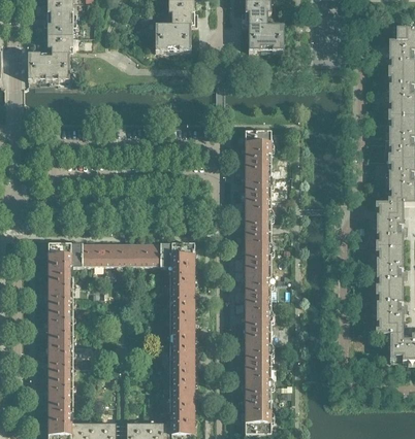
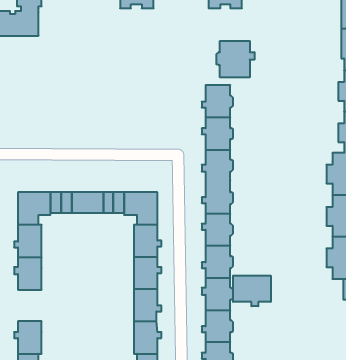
building: none -> [216,41,254,77]
building: none -> [233,276,271,306]
building: [43,344,72,377] -> none

